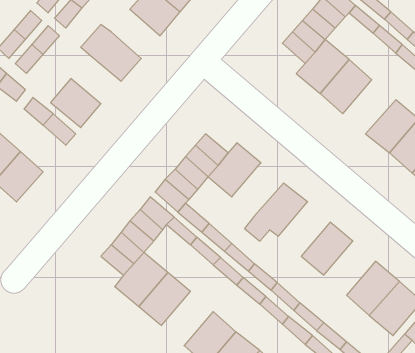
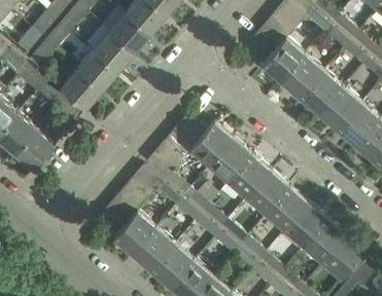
building: none -> [110,13,150,53]
building: none -> [77,51,118,90]
building: none -> [300,71,343,115]
building: none -> [209,139,251,182]
building: none -> [247,171,289,215]
building: none -> [284,202,326,247]
building: none -> [151,244,194,288]

